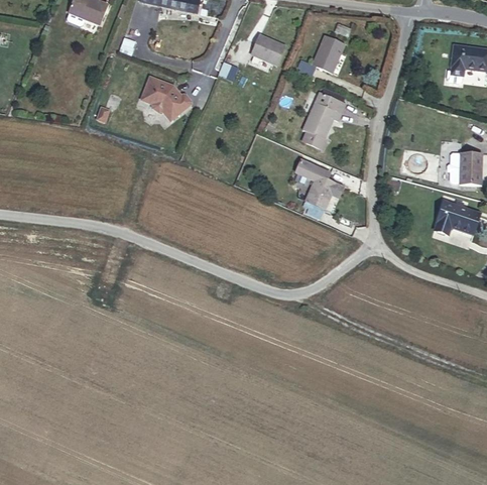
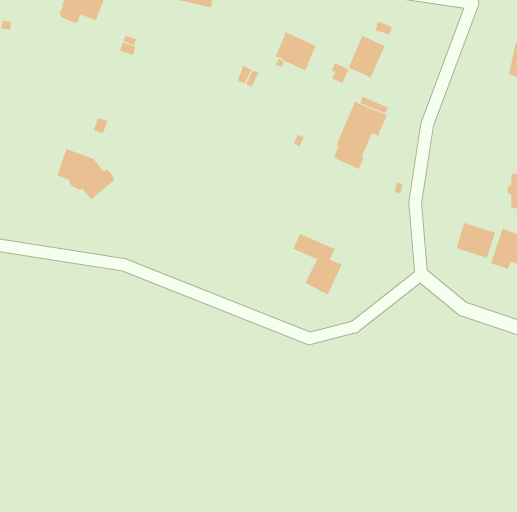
building: [141,75,191,119] -> [56,148,115,200]
building: [294,157,337,210] -> [293,233,342,295]
building: none -> [456,222,496,259]

